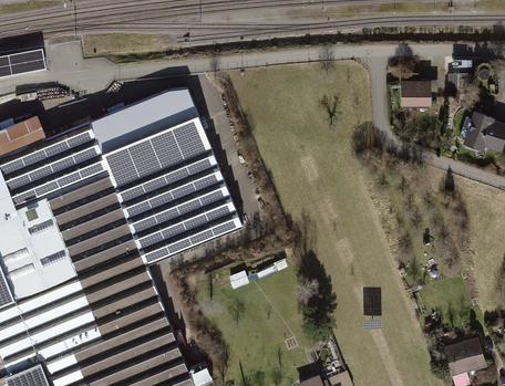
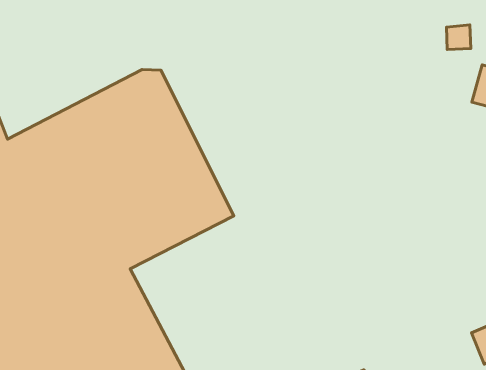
building: [400,81,430,107] -> none

